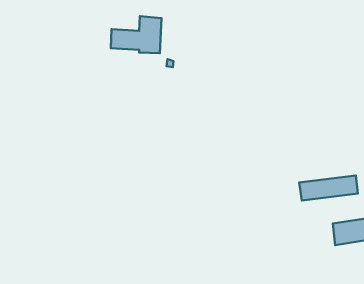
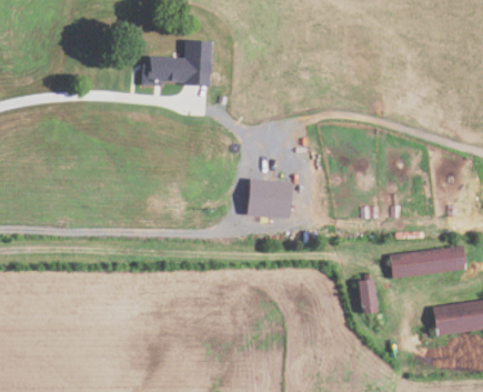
building: none -> [246,177,293,218]
building: none -> [358,279,379,312]

